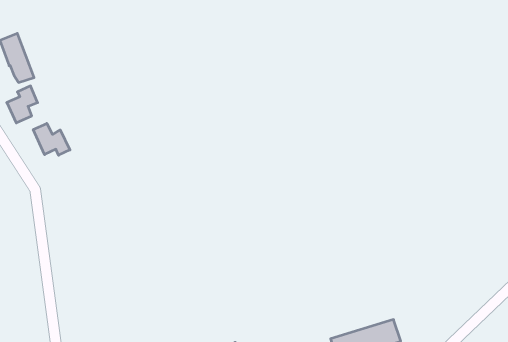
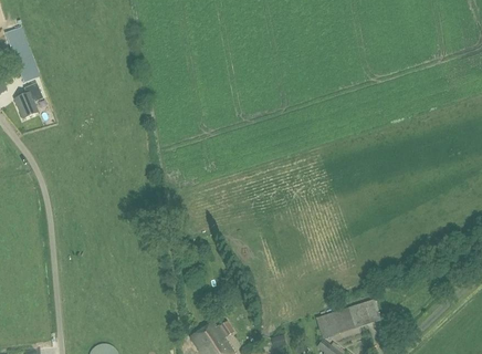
building: [33,123,70,155] -> none

